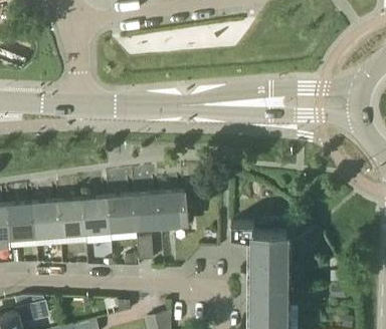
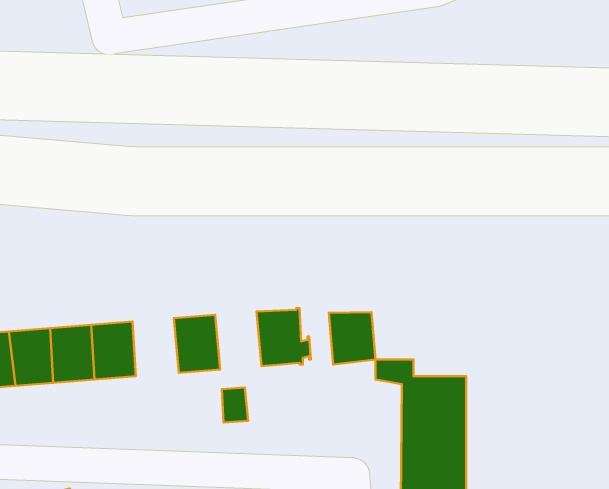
building: [134,195,162,230] -> none
building: none -> [329,312,375,364]
building: [83,199,112,234] -> none

